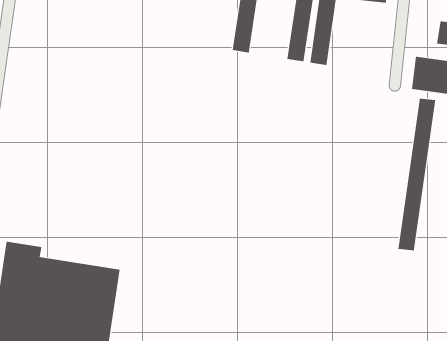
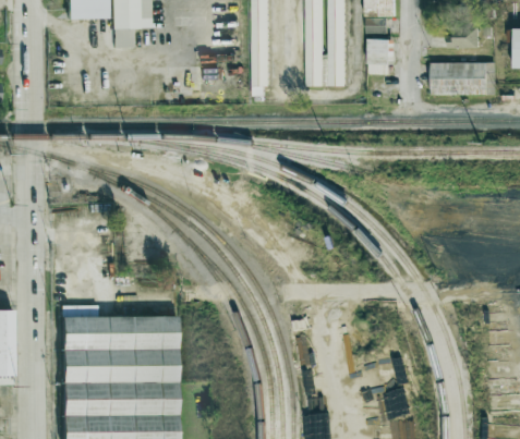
building: none -> [367,39,396,74]
building: [398,98,436,251] -> none

